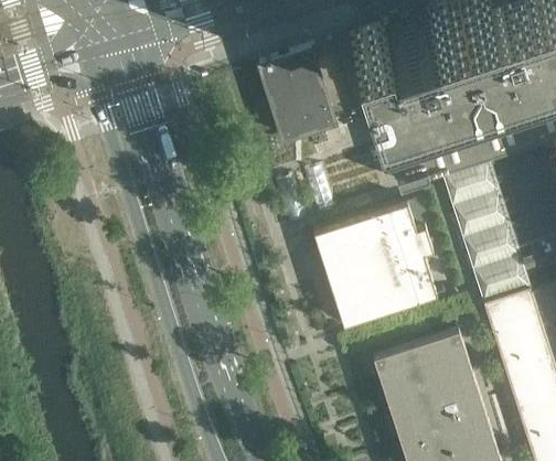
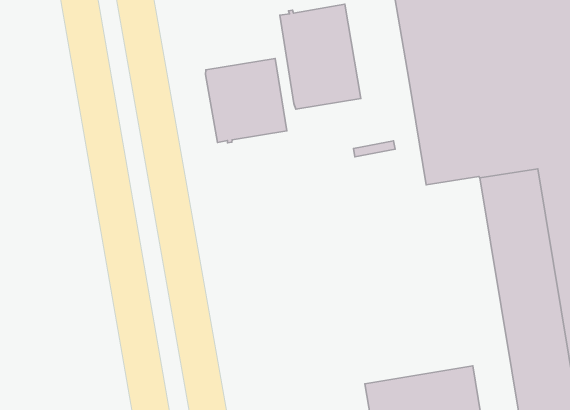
building: none -> [206,58,287,143]
building: [314,204,445,330] -> none

